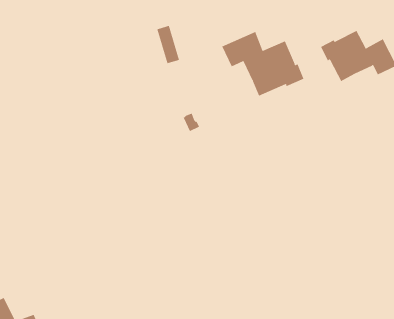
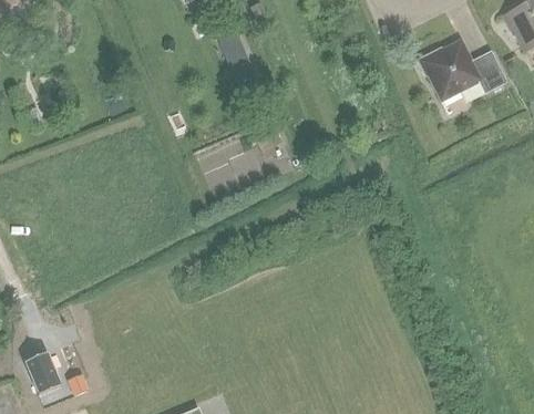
building: [222,31,304,97] -> none

